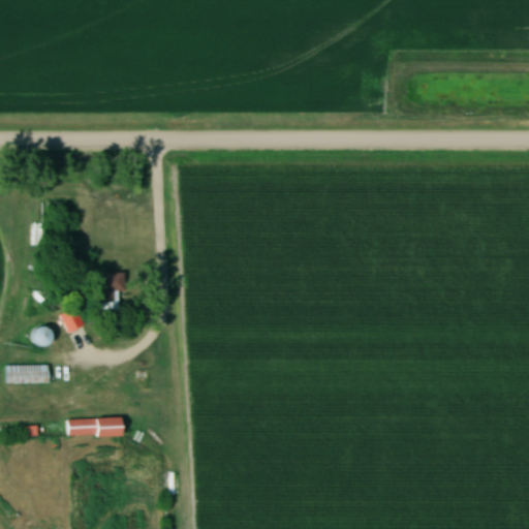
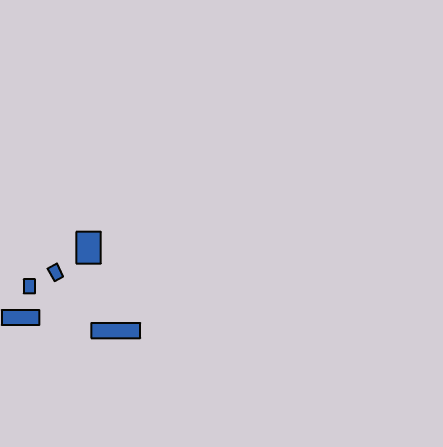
building: [66,418,124,436] -> [91,323,140,338]

